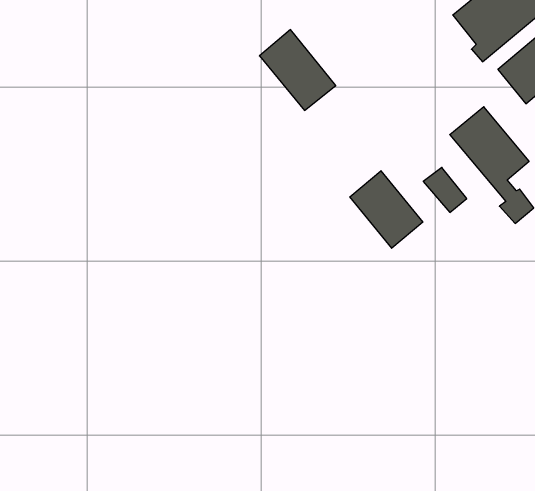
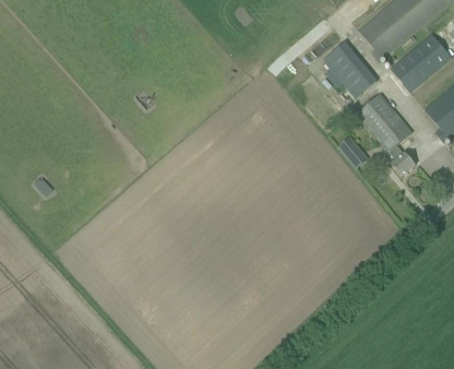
building: [259,30,336,110] -> [323,41,377,98]
building: [350,171,423,248] -> none

